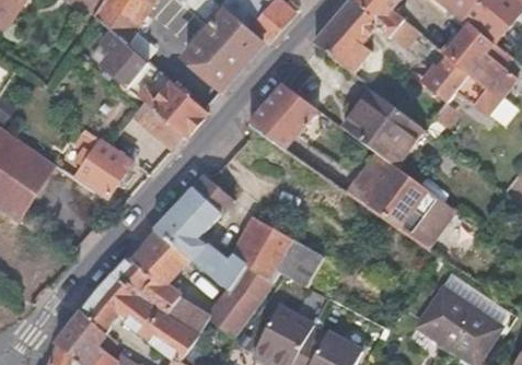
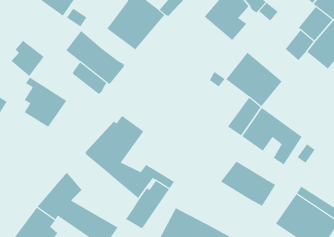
building: [102,38,148,89] -> [11,40,45,77]
building: [250,85,314,148] -> none
building: [236,215,313,278] -> [220,161,276,206]
building: [131,231,209,330] -> none

